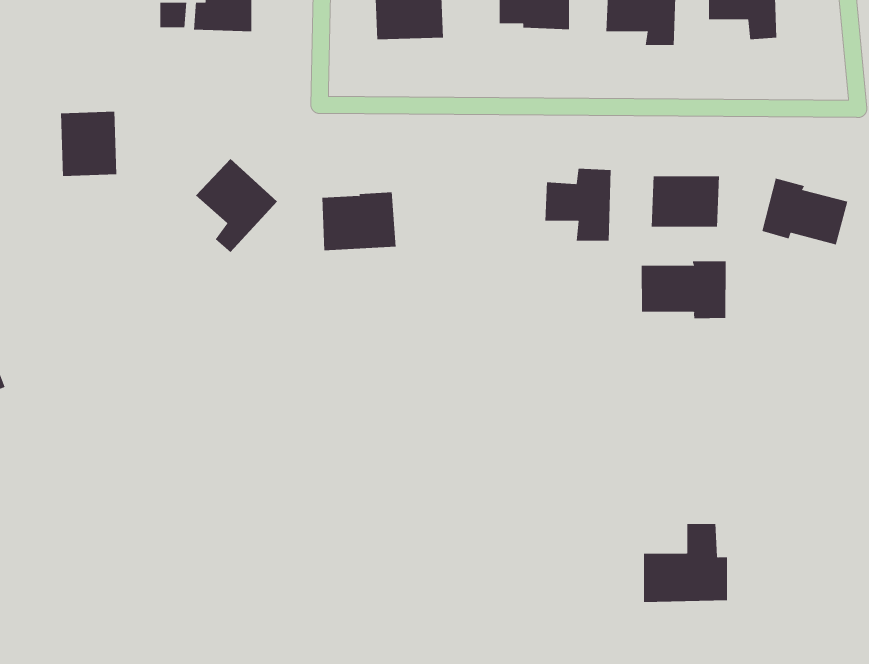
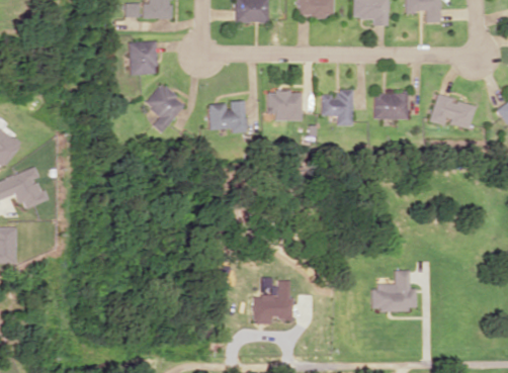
building: [60,111,117,176] -> [126,41,156,75]
building: none -> [265,92,303,121]
building: [641,260,726,319] -> none
building: none -> [253,280,292,324]

